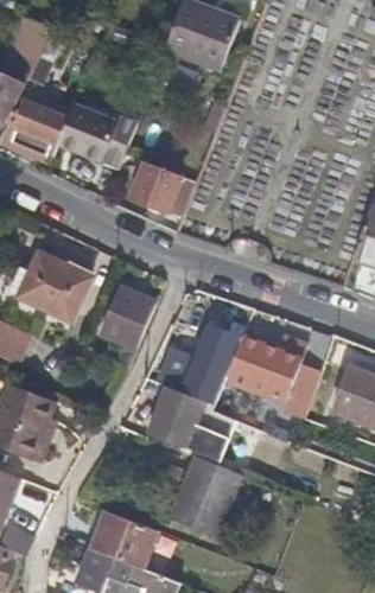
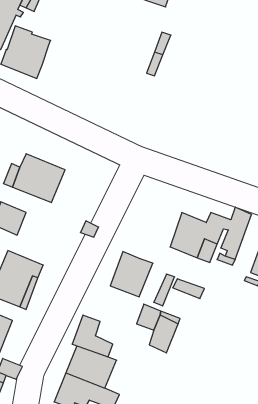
building: [59,104,140,167] -> none
building: [134,159,184,211] -> none
building: [98,287,155,345] -> none
building: [155,326,240,406] -> none
building: [169,483,222,537] -> [72,315,113,357]

